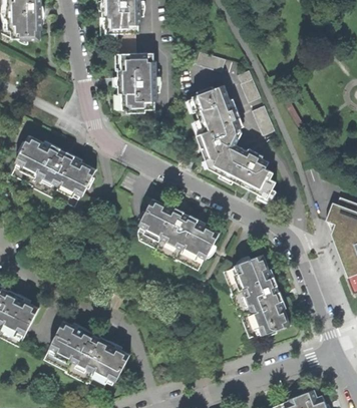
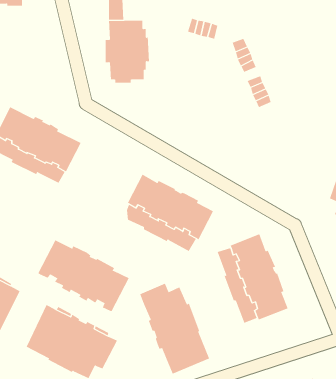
building: [194,84,277,197] -> none
building: none -> [37,239,130,312]
building: none -> [139,283,210,375]

